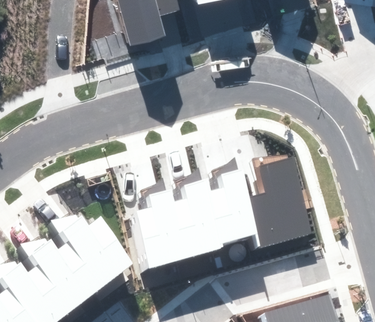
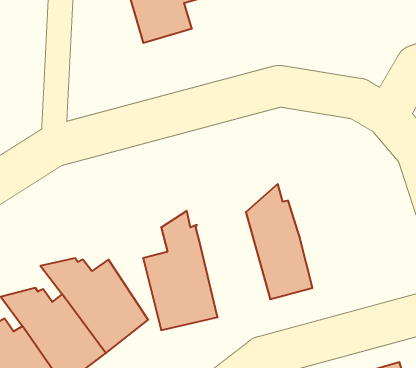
building: [251,159,310,244] -> none
building: [170,168,228,261] -> none

